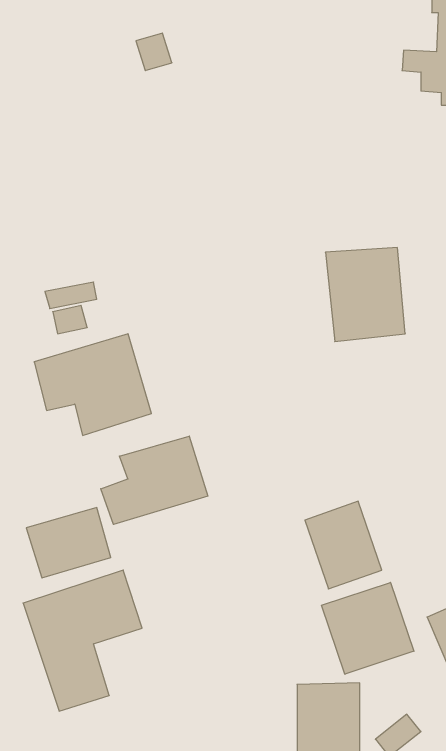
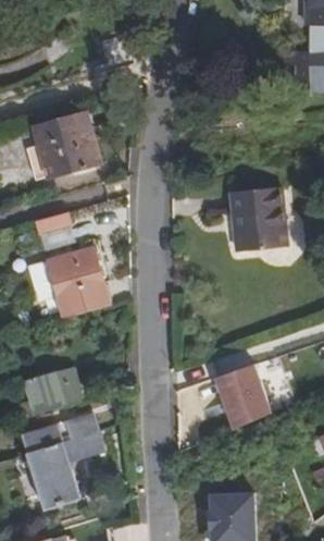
building: none -> [34,109,101,177]
building: [101,436,208,524] -> none
building: [321,582,414,674] -> none

